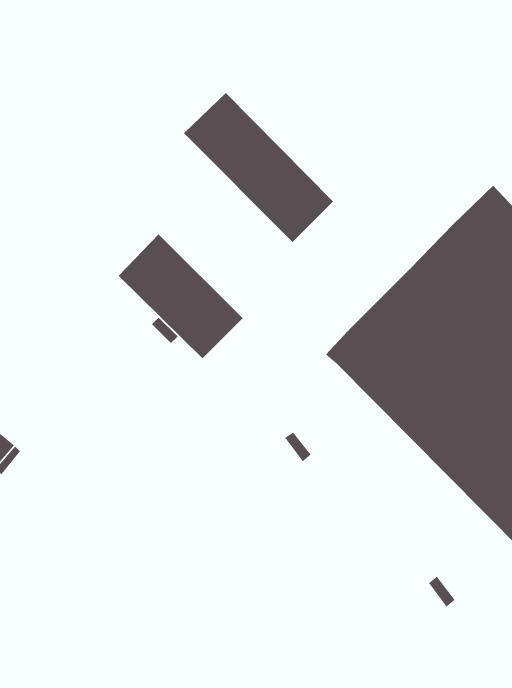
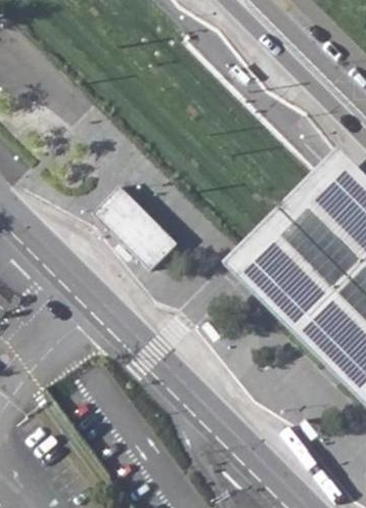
building: [183,92,334,243] -> none

